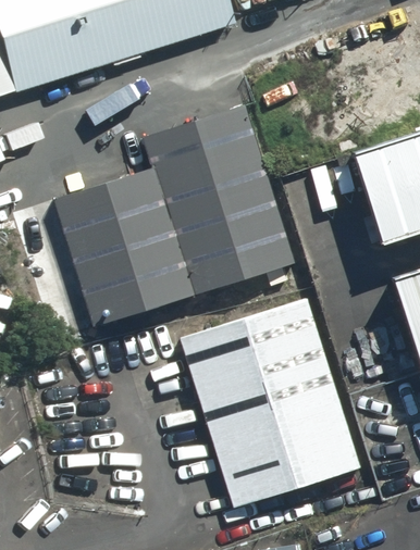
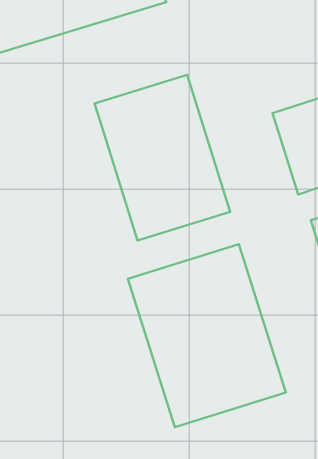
building: [53,168,193,328] -> none

